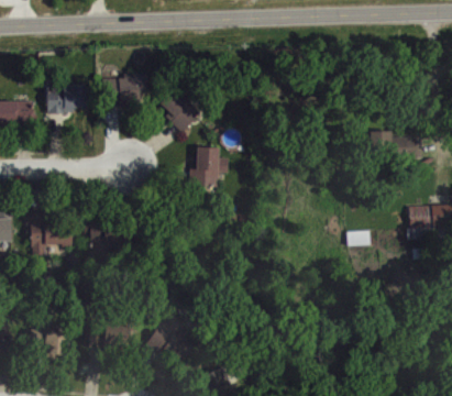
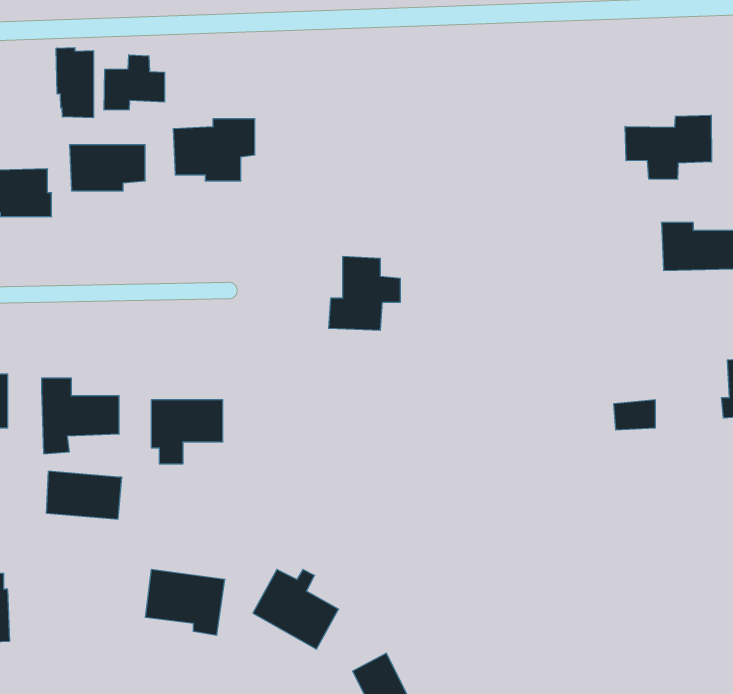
building: none -> [56,48,94,118]
building: none -> [104,55,164,110]
building: none -> [625,115,711,179]
building: [158,89,200,134] -> none
building: [27,329,69,355] -> [46,471,122,519]

